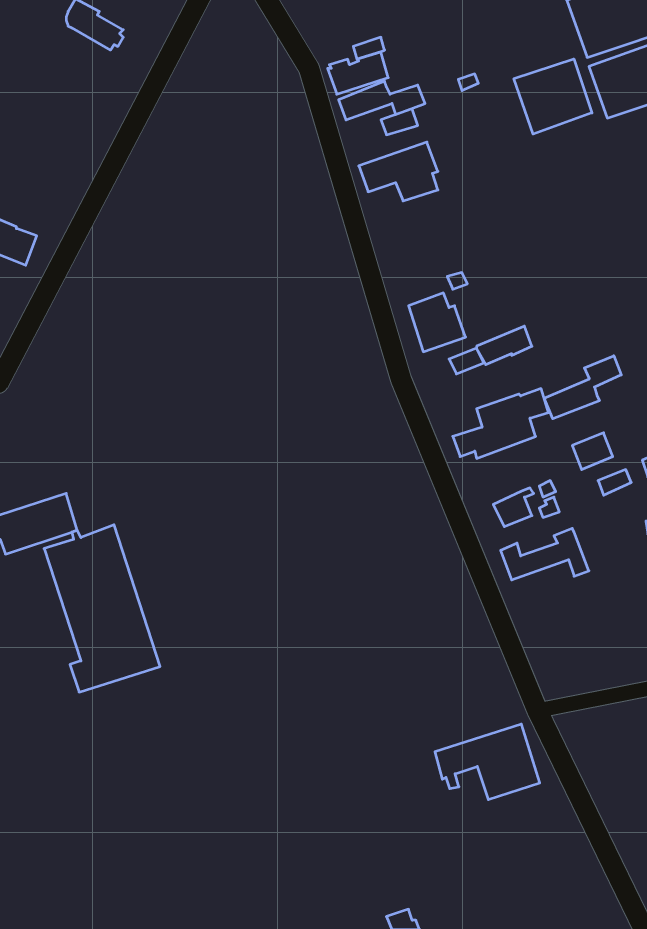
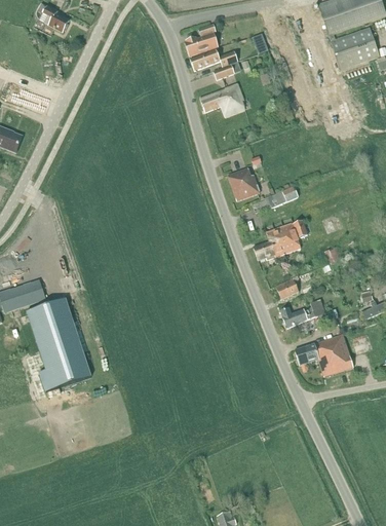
building: [514,59,592,134] -> none
building: [544,356,621,419] -> none
building: [435,724,540,800] -> [295,335,353,377]

